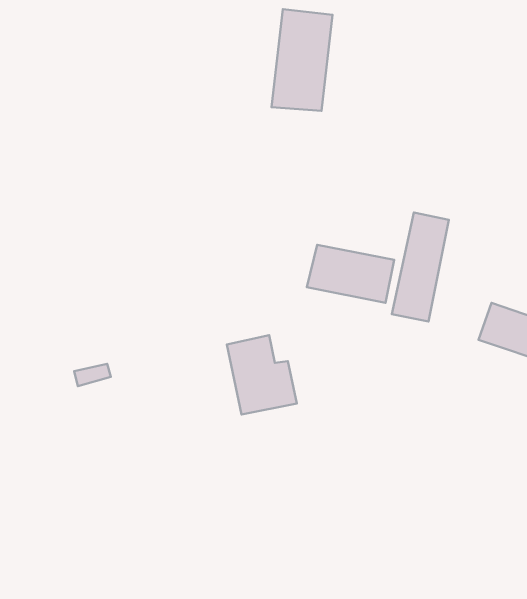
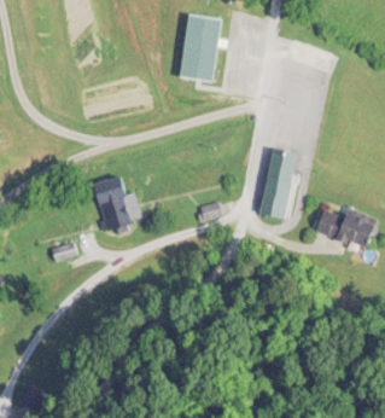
building: [307,245,394,303] -> none
building: [227,335,297,415] -> [93,176,139,228]

